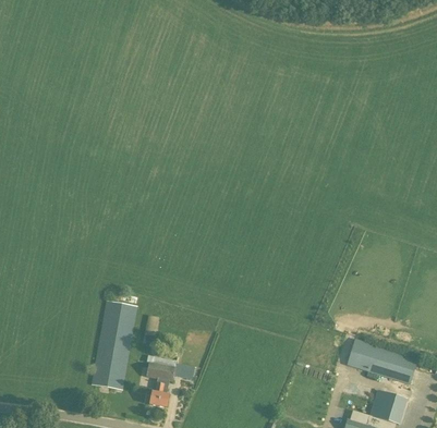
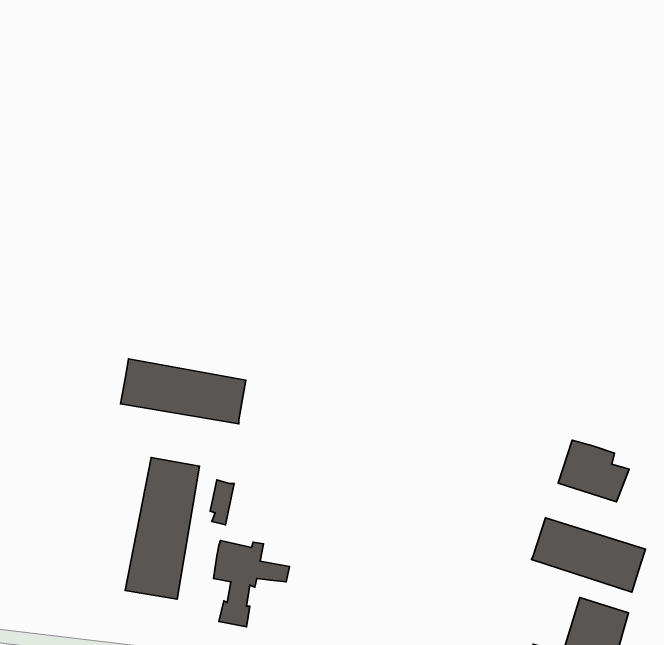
building: none -> [121,359,246,424]
building: none -> [558,440,629,502]

